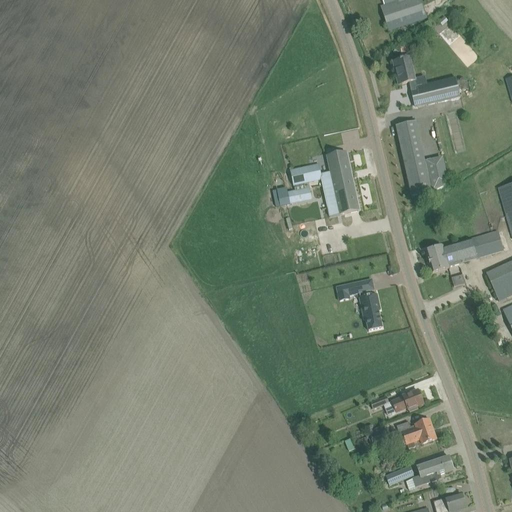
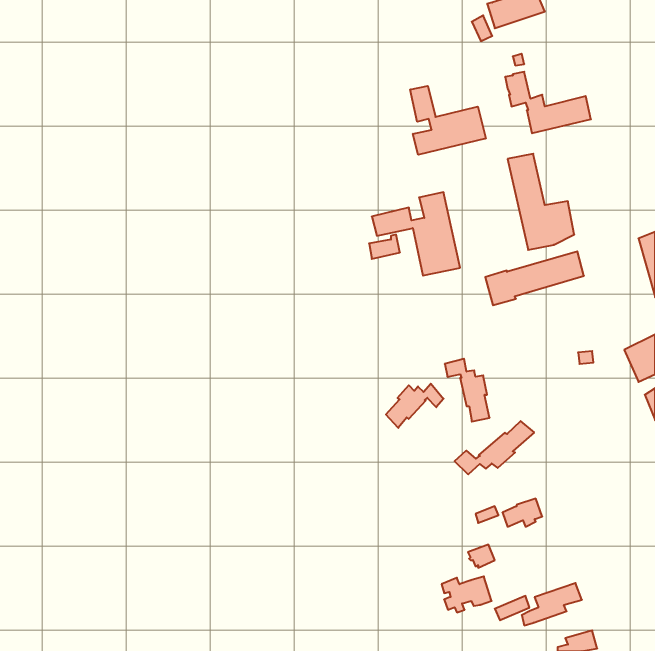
building: none -> [410,86,486,155]
building: [426,229,503,271] -> [485,251,584,305]
building: none -> [386,384,444,428]
building: none -> [455,421,534,474]
building: [397,419,436,447] -> [442,576,492,612]

